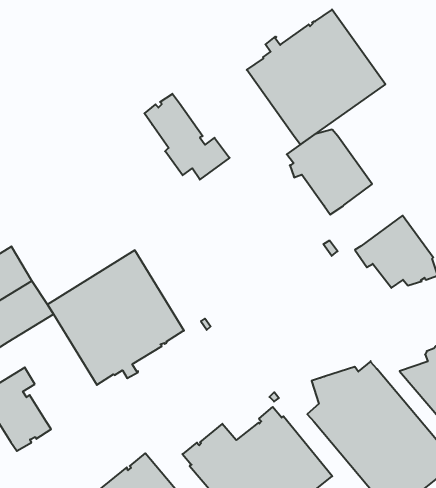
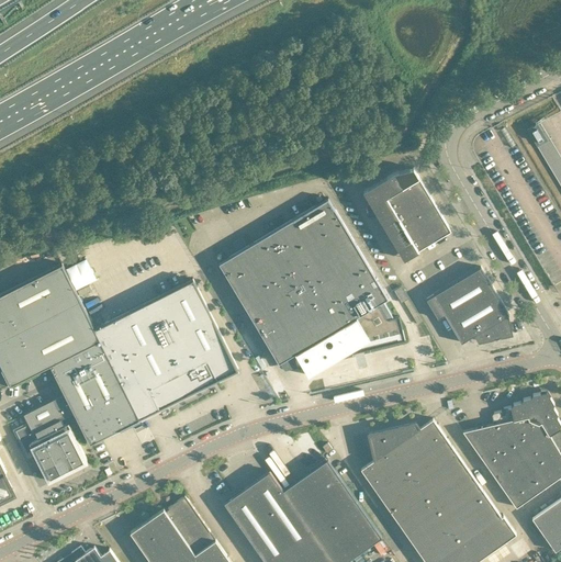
building: [247,9,385,145] -> none
building: [144,94,230,180] -> none
building: none -> [218,200,404,374]
building: none -> [49,341,139,445]

